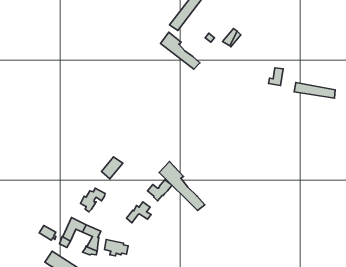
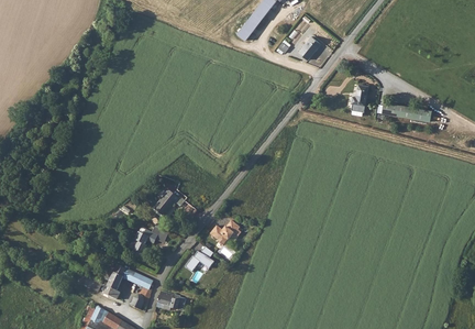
building: [160,32,200,69] -> none
building: [159,162,205,211] -> none

